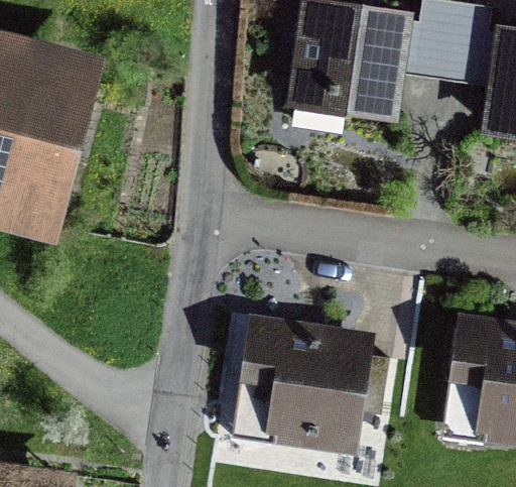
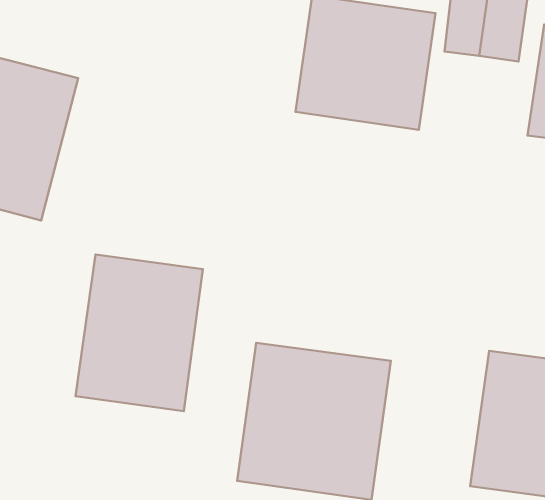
building: none -> [76,255,203,411]

